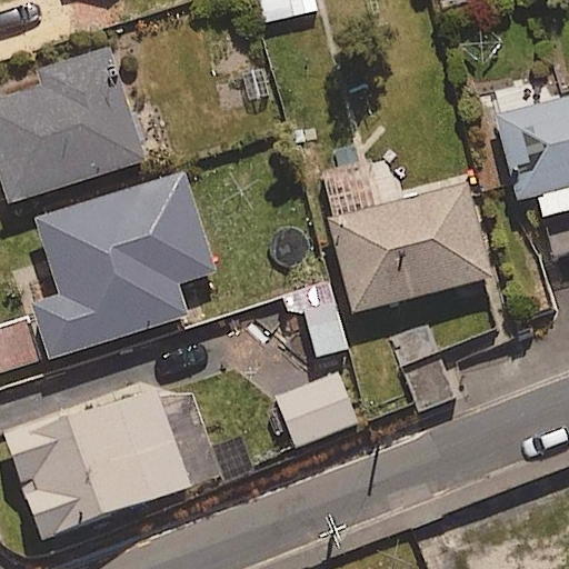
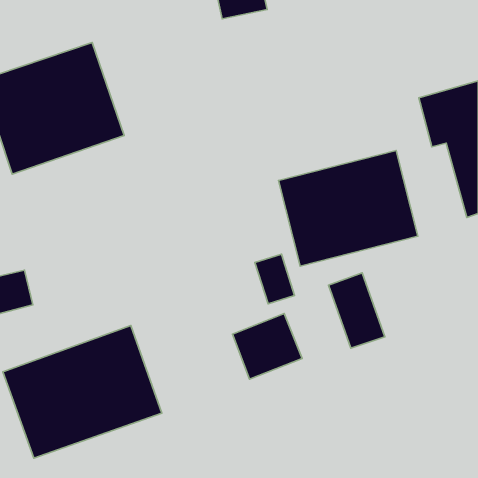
building: [30,170,213,358] -> none

